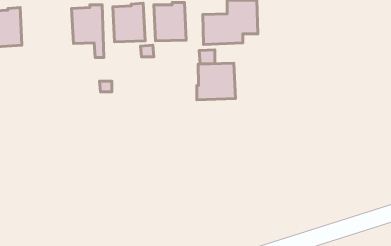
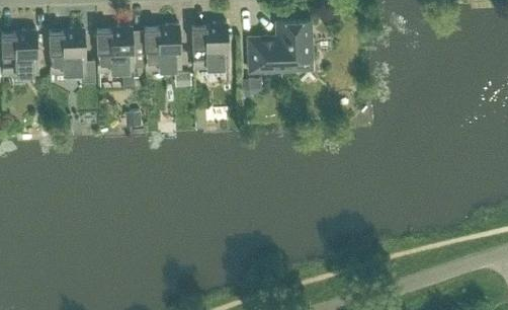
building: none -> [49,28,95,83]
building: [197,63,235,100] -> none

